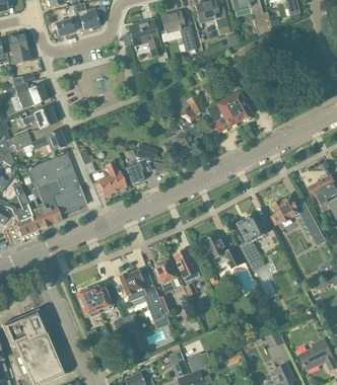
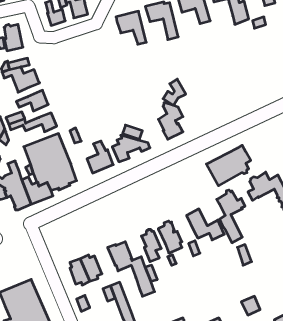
building: [205,88,253,132] -> [206,145,251,186]

